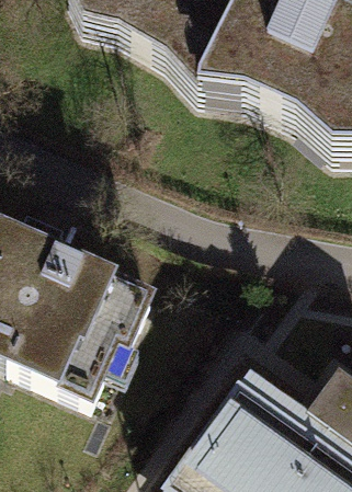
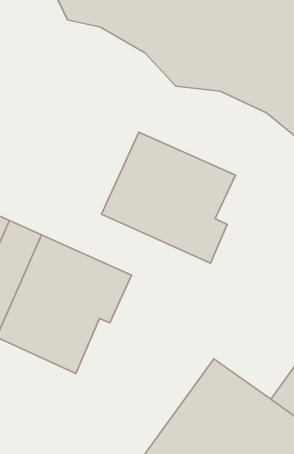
building: none -> [102,132,236,263]

